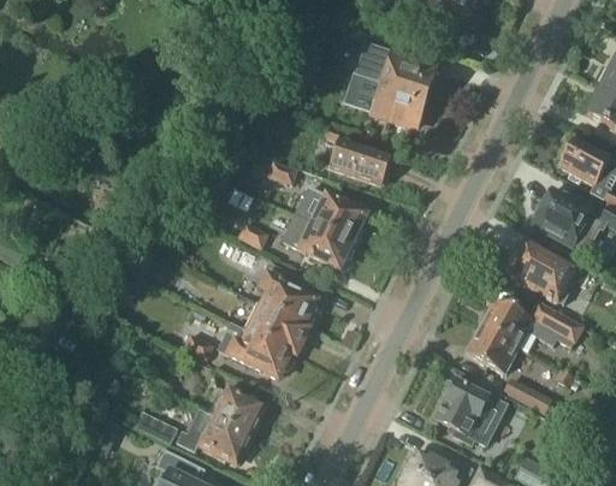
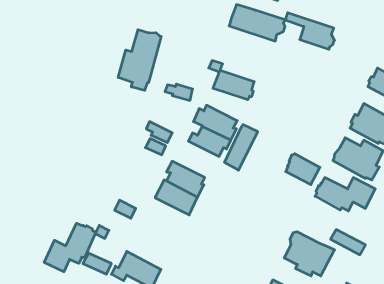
building: [350,73,424,128] -> [285,13,335,49]
building: none -> [118,30,161,90]
building: none -> [225,125,258,170]
building: [218,321,295,378] -> none
building: [468,326,519,372] -> [286,154,320,185]
building: none -> [44,223,96,272]
building: [212,385,268,434] -> none

